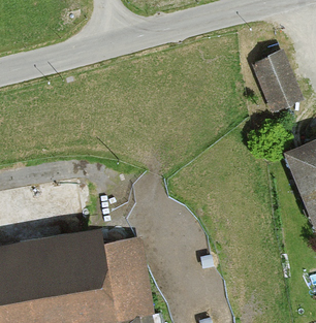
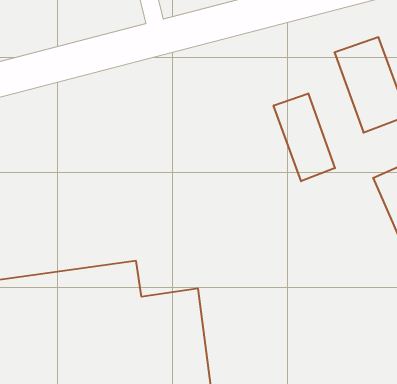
building: none -> [274,93,335,181]

